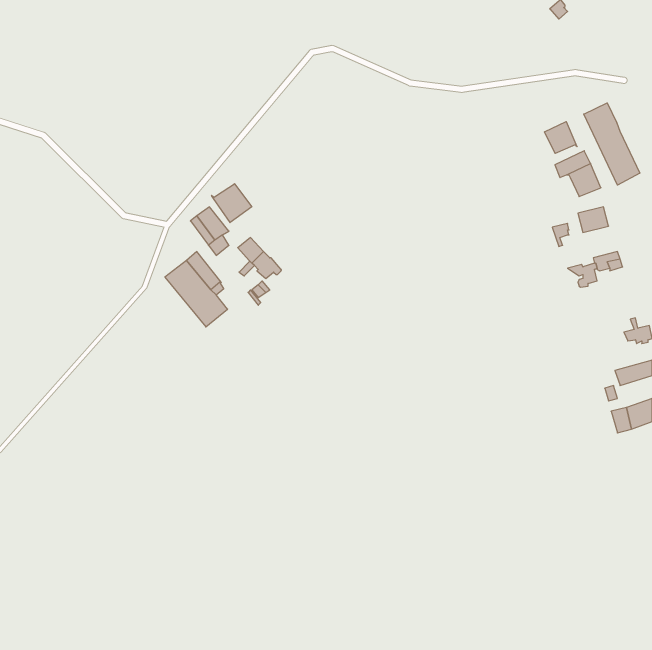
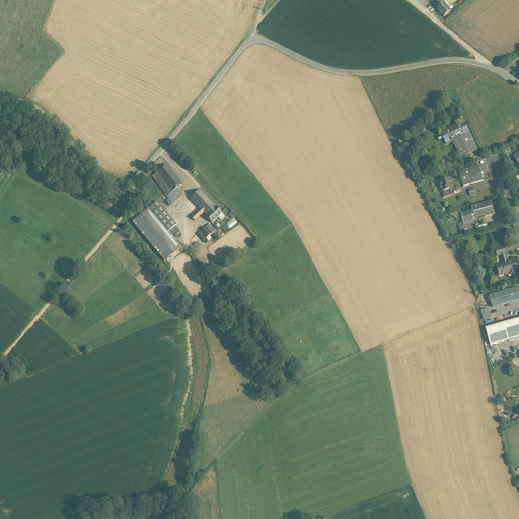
building: [584,103,640,185] -> none
building: [545,122,577,153] -> none
building: [212,184,252,223] -> none

